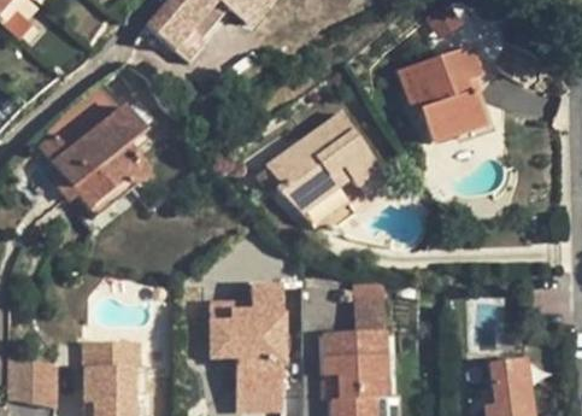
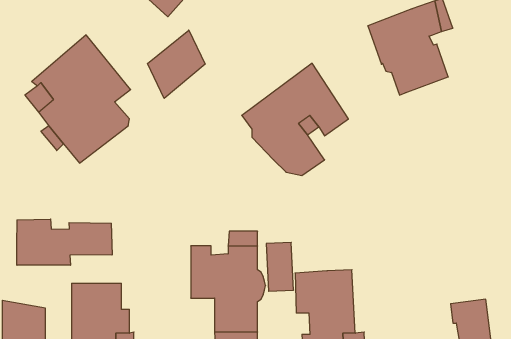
building: none -> [148,30,205,98]
building: none -> [17,219,112,265]
building: [354,279,383,330] -> [266,242,294,291]

